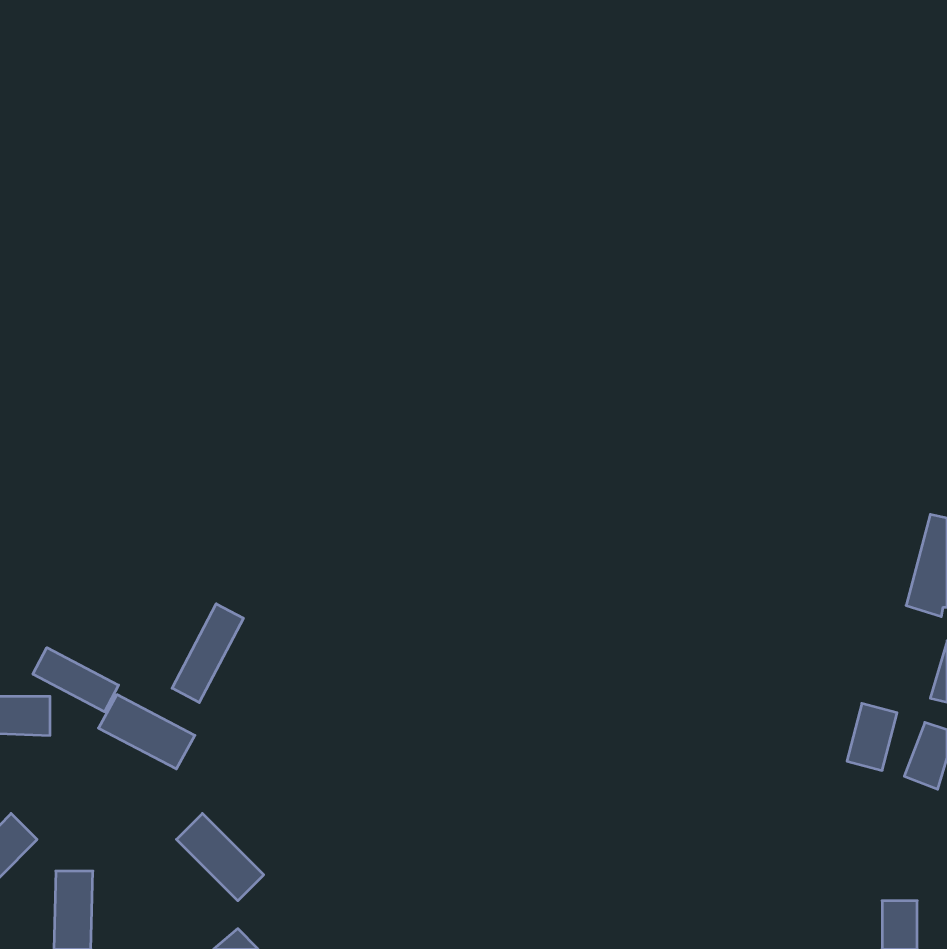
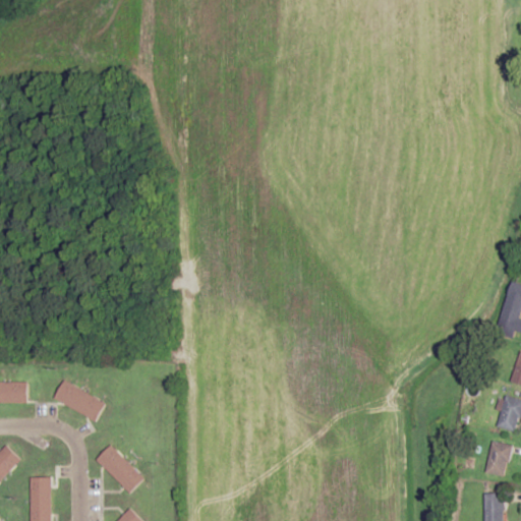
building: [172,604,243,703] -> none
building: [33,648,119,712] -> none
building: [847,703,897,770] -> [484,441,512,477]

